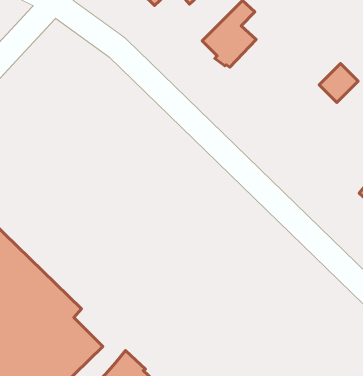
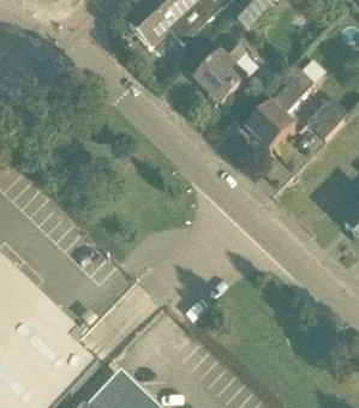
building: none -> [245,61,315,149]

